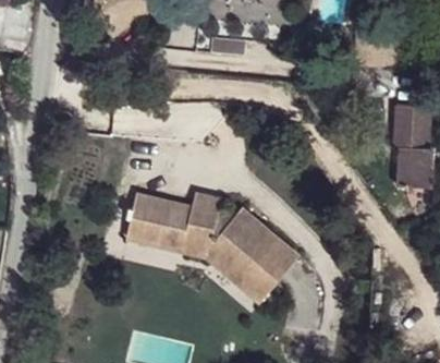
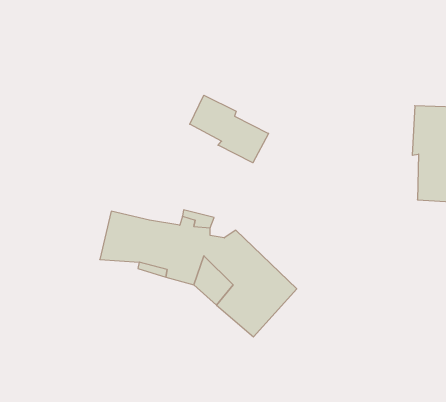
building: none -> [190,95,269,163]

